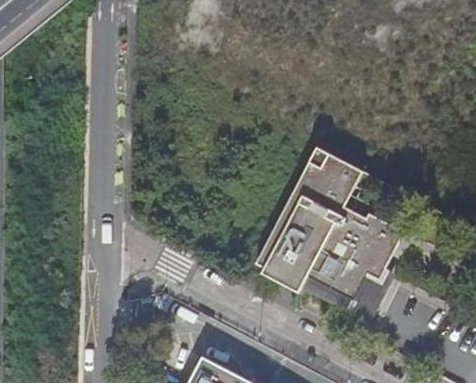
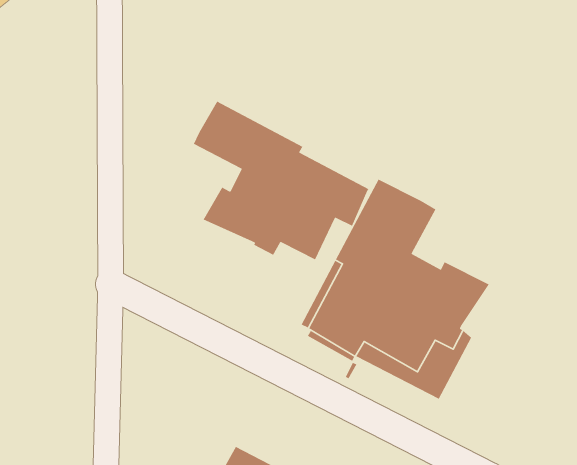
building: none -> [193,100,369,260]

